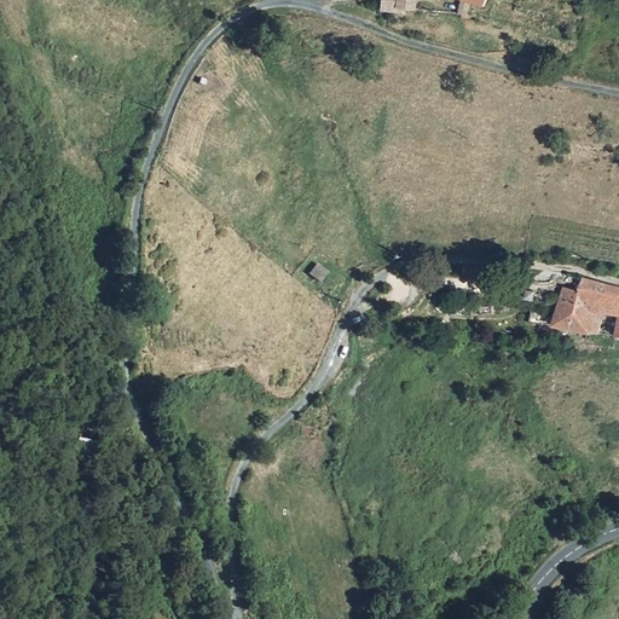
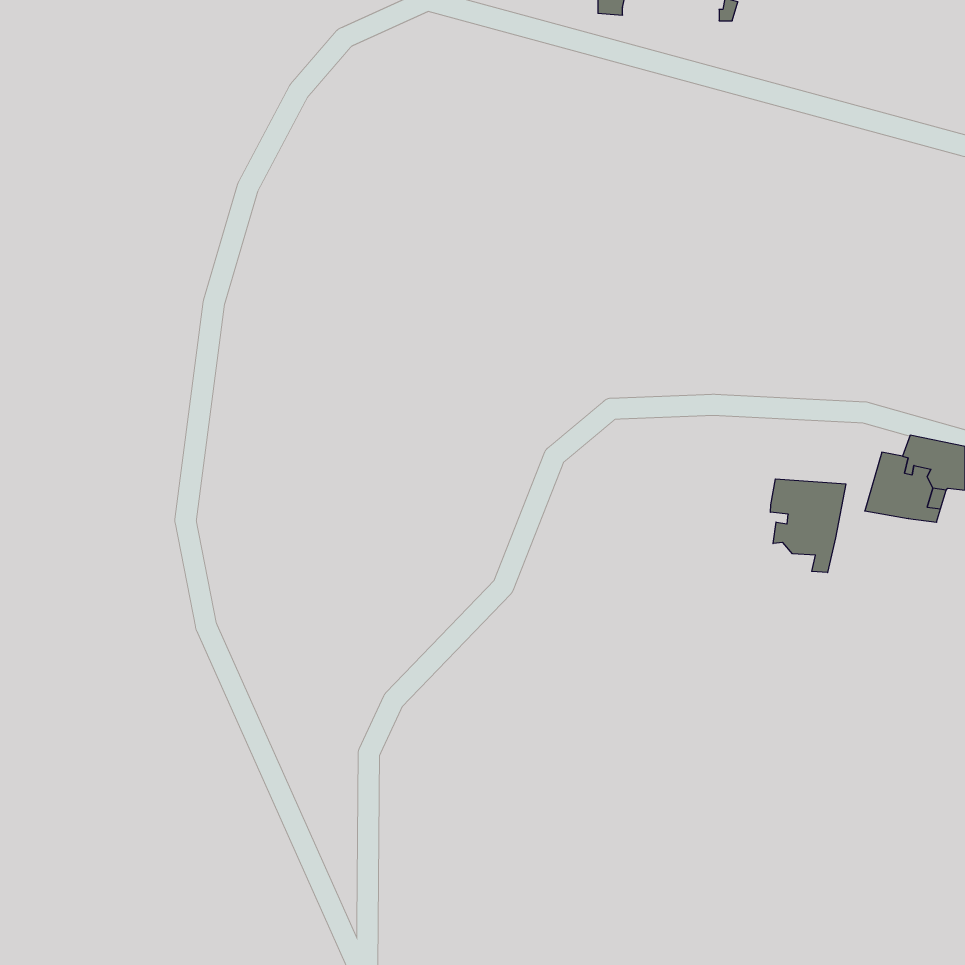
building: none -> [770,479,846,573]

